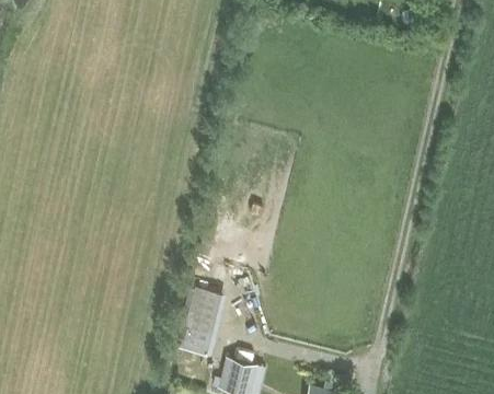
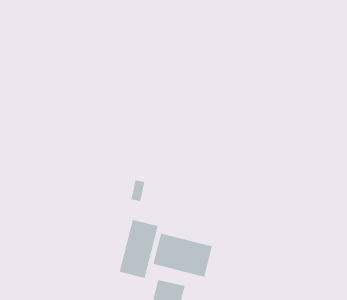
building: none -> [153,233,212,278]

